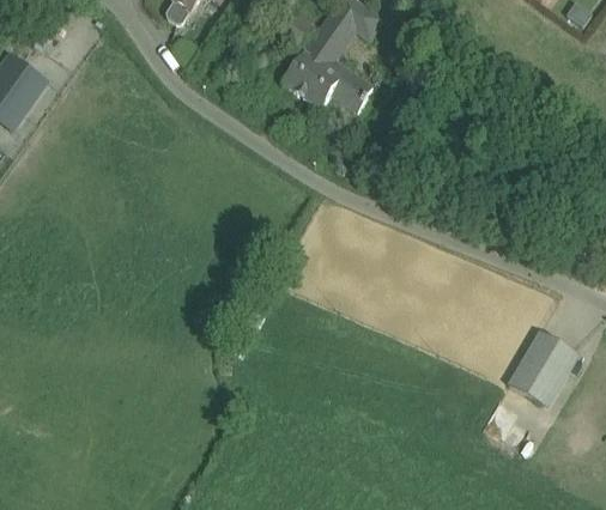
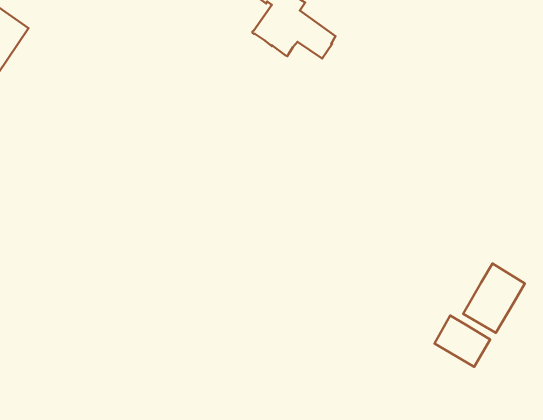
building: none -> [434,315,490,367]

